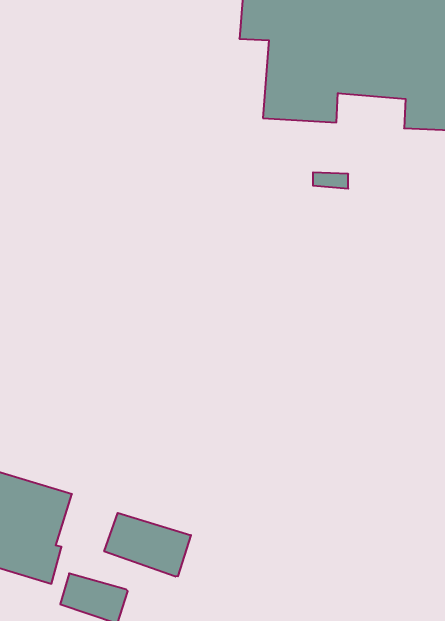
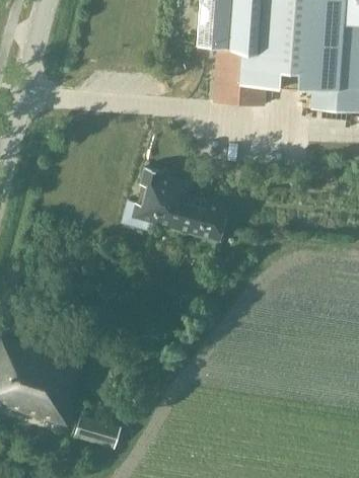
building: none -> [122,166,228,240]
building: [104,513,191,577] -> none

